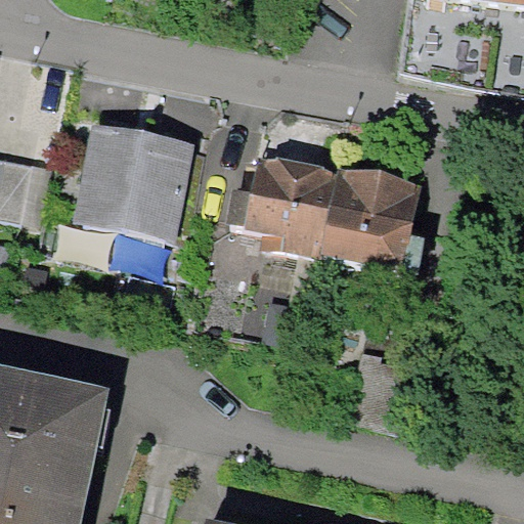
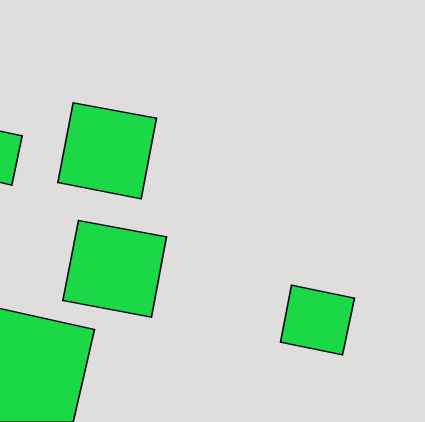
building: [238,152,420,274] -> none
building: none -> [63,220,166,317]

